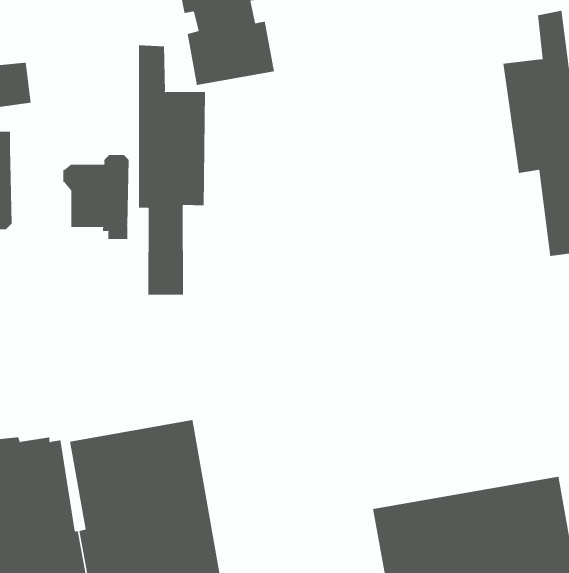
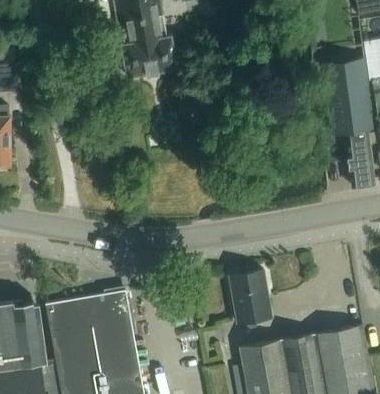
building: [138,44,206,296] -> none
building: [63,154,129,240] -> none
building: none -> [230,271,272,324]

